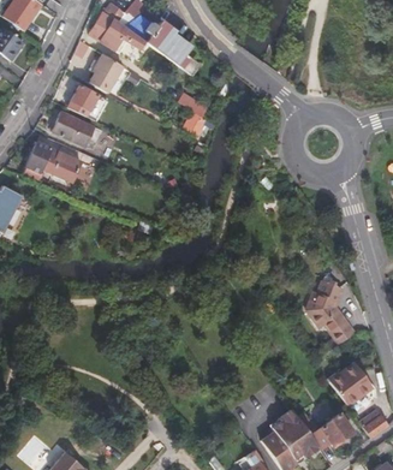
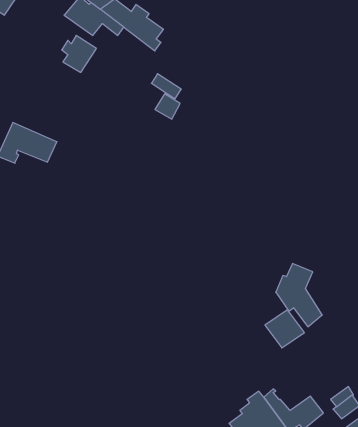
building: [66,83,102,118] -> none
building: [50,111,90,143] -> none
building: [324,365,364,404] -> [265,310,304,348]

